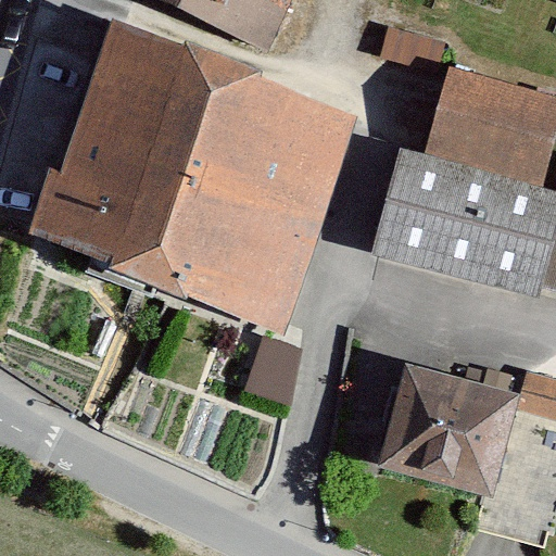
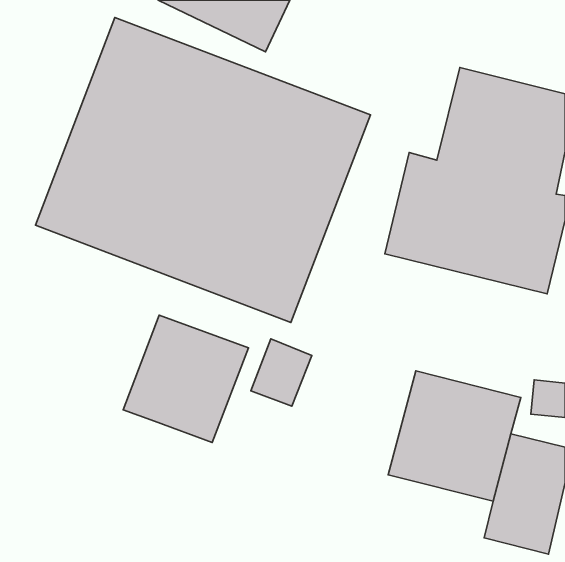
building: none -> [123,315,248,442]

